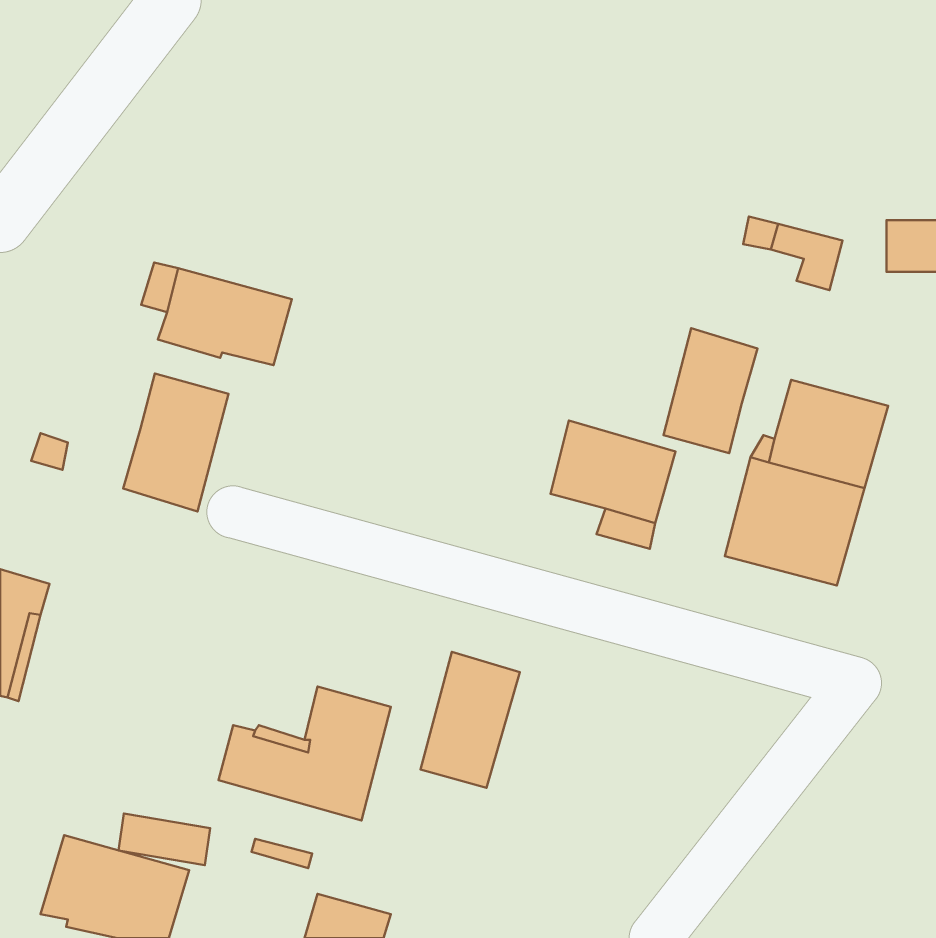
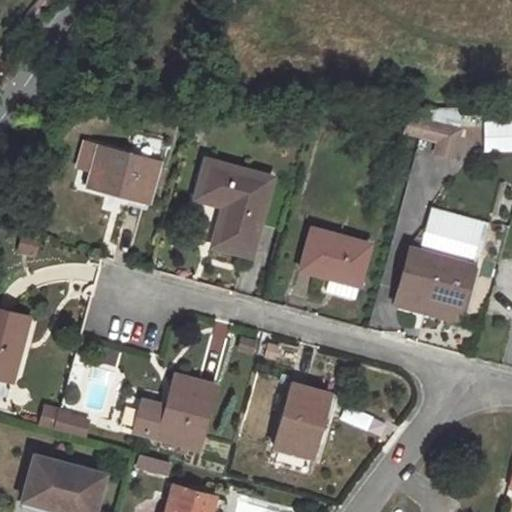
building: none -> [196,161,272,256]
building: [663,328,757,453] -> none
building: [123,374,228,511] -> none
building: [421,652,520,788] -> [275,384,329,458]
building: [118,814,210,865] -> [40,407,90,435]

